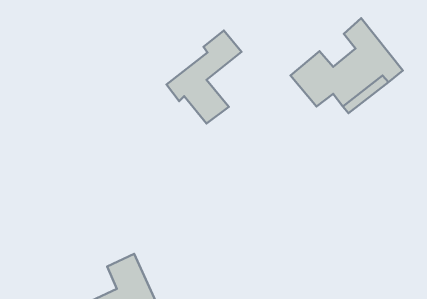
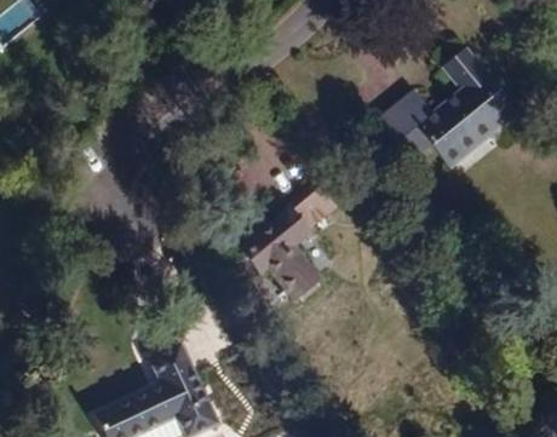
building: [167,30,241,123] -> [241,182,334,298]

